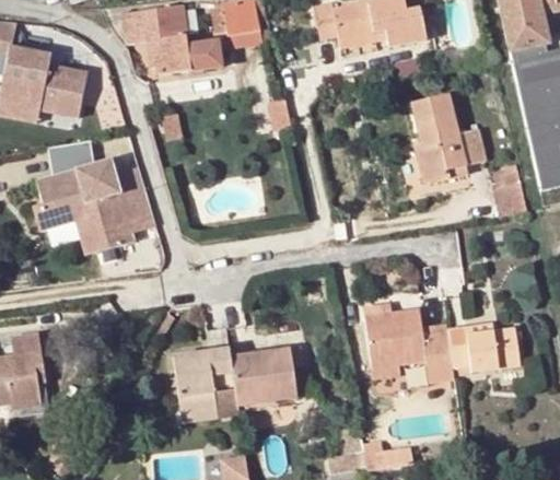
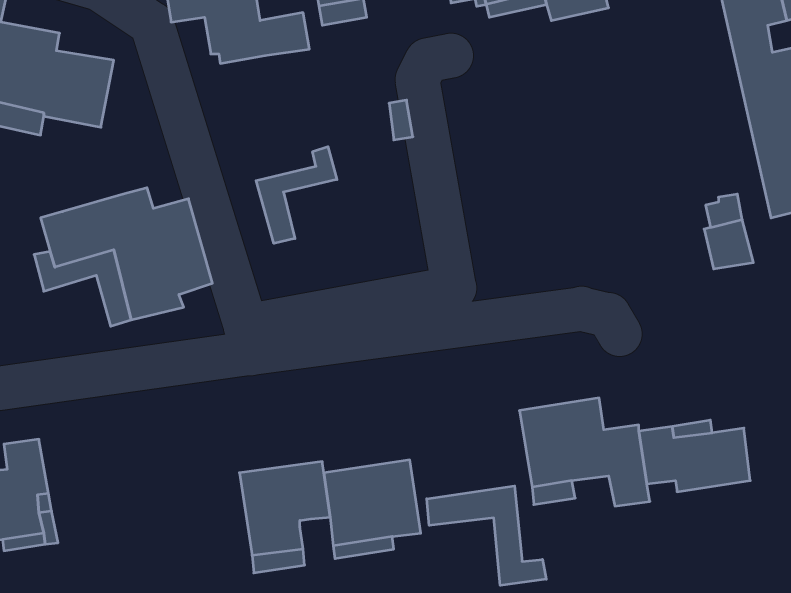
building: [410,92,483,184] -> none
building: none -> [256,147,337,243]
building: [47,141,93,176] -> none
building: none -> [427,486,546,585]

